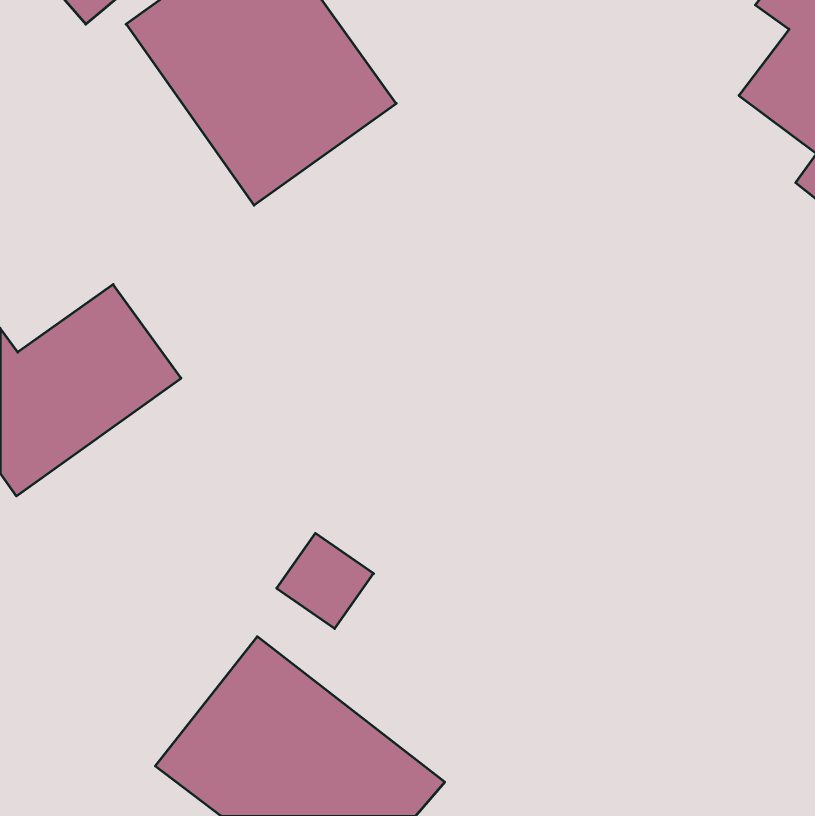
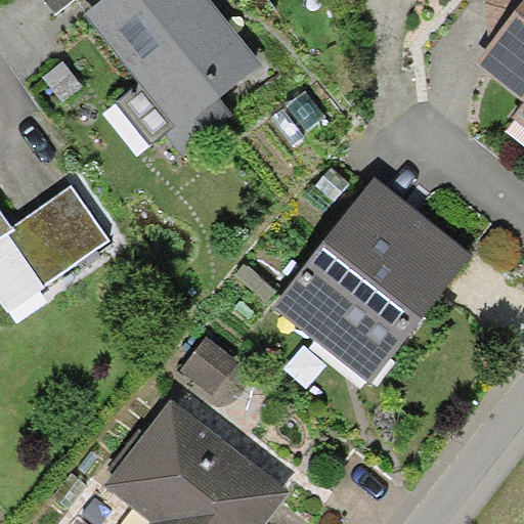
building: none -> [270,177,472,386]

